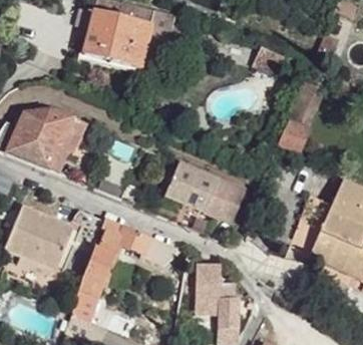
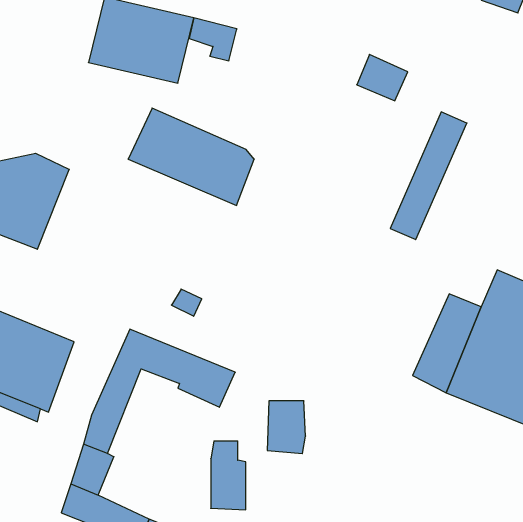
building: [164,160,244,222] -> [128,108,254,205]
building: [219,285,241,328] -> [211,441,246,510]

